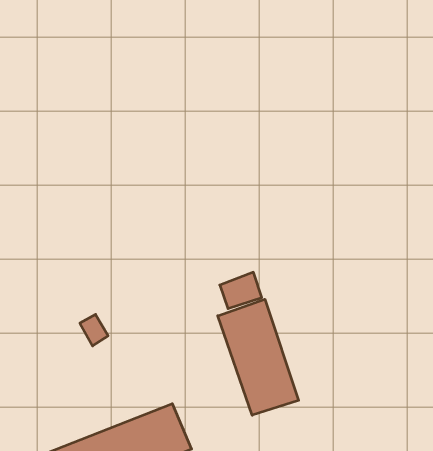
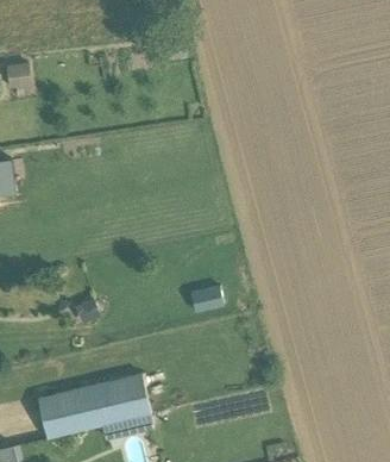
building: [218,299,299,415] -> none

